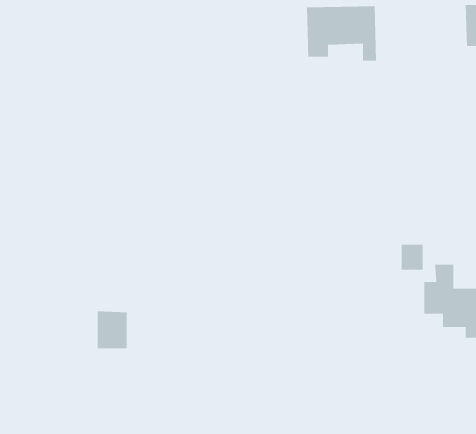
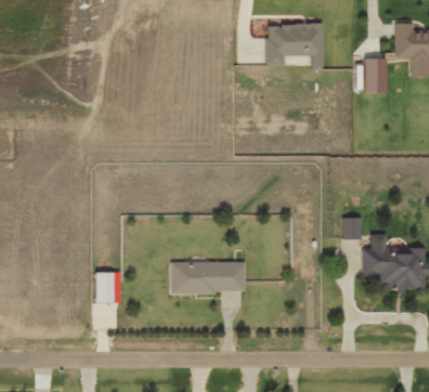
building: none -> [364,58,386,92]
building: none -> [170,261,245,293]

